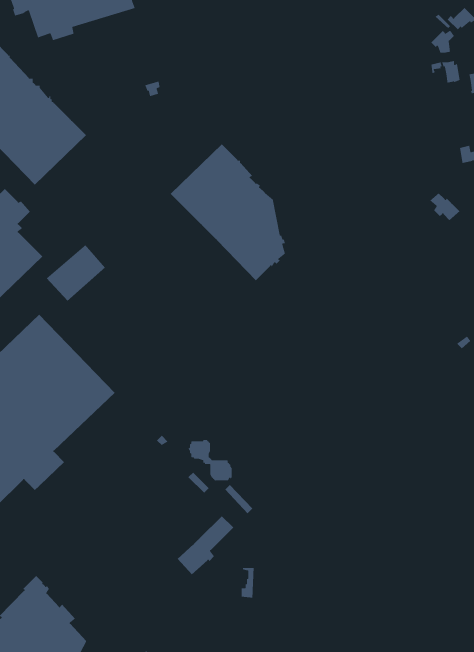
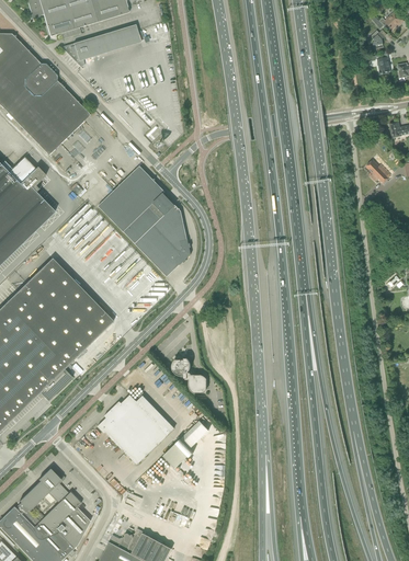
building: none -> [60,23,140,67]
building: [170,143,286,281] -> [98,165,191,276]
building: none -> [98,394,174,465]

